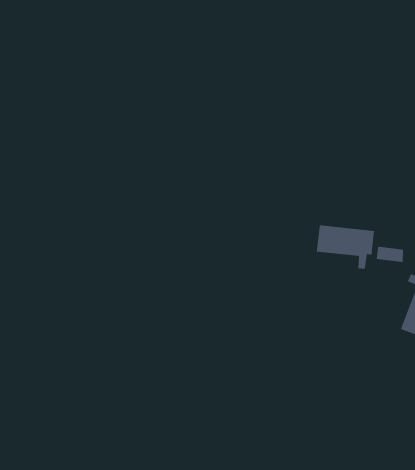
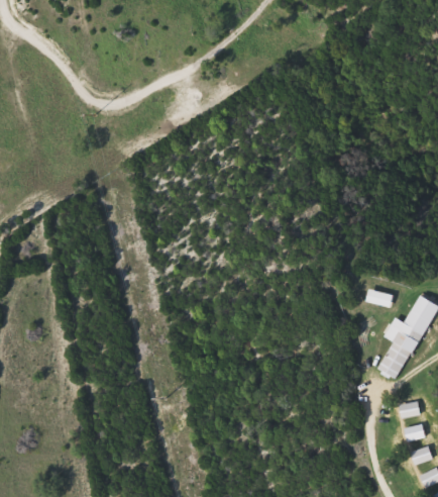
building: [316,224,375,269] -> none

